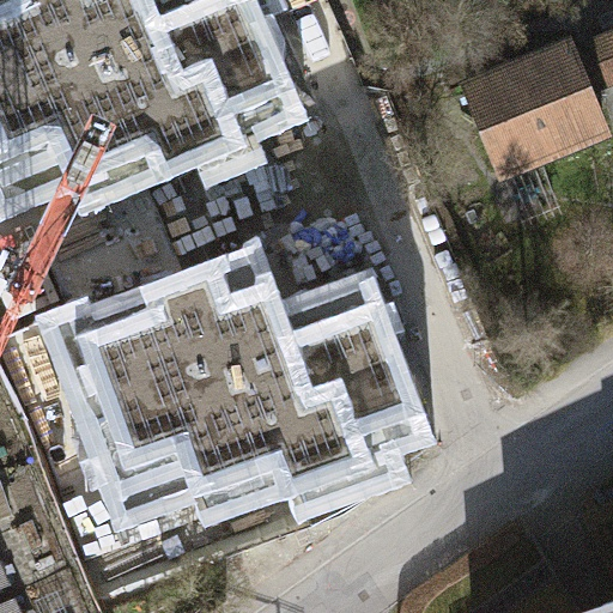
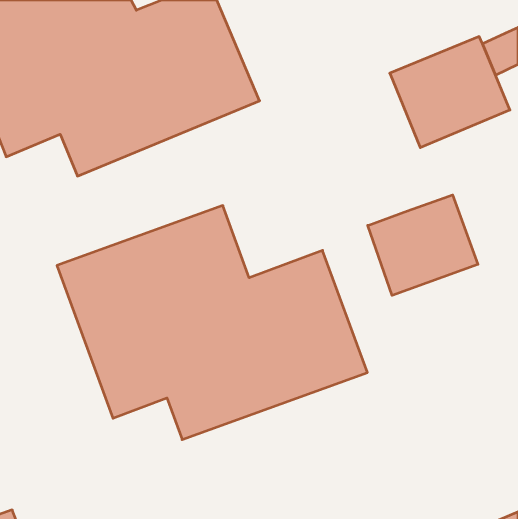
building: none -> [368,195,478,295]

